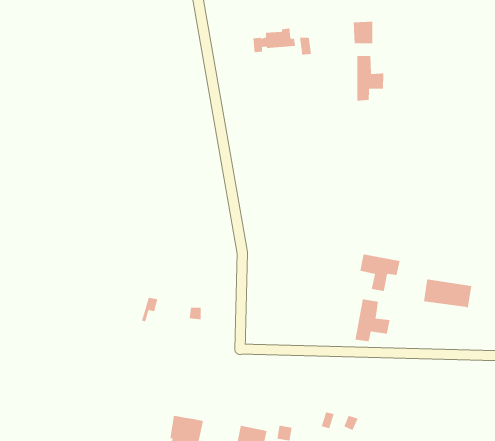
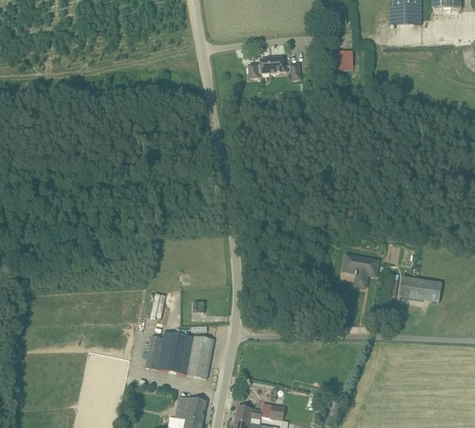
building: [357,55,384,101] -> none
building: [355,299,390,342] -> none
building: none -> [157,329,214,378]

